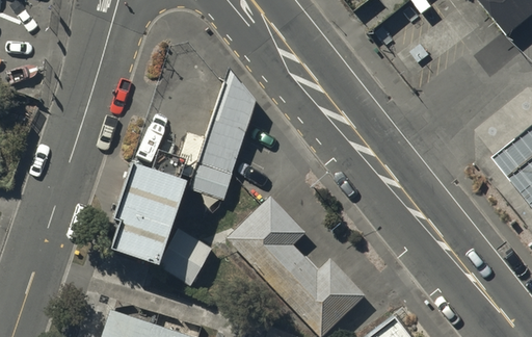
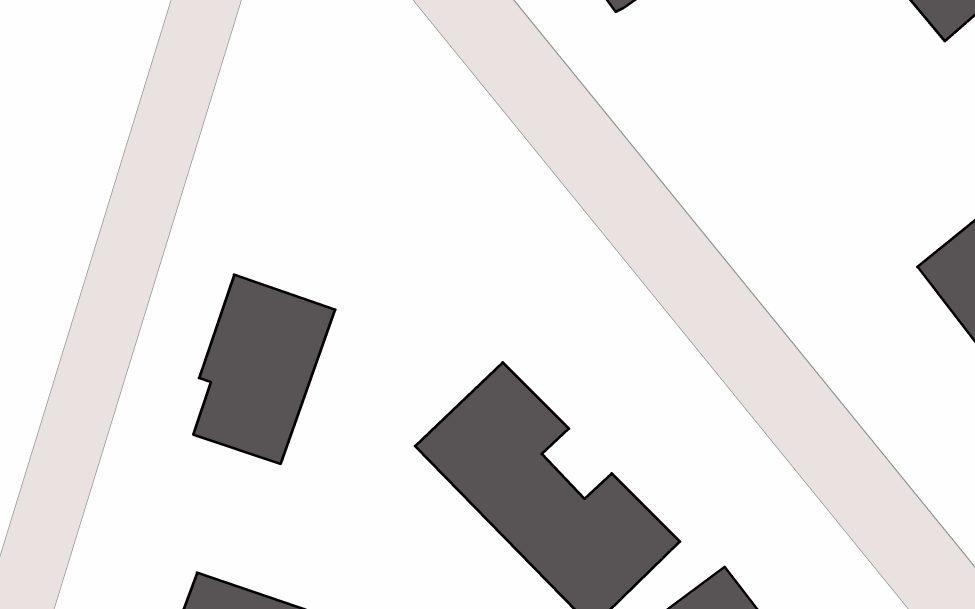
building: [192,72,256,199] -> none
building: [158,230,212,285] -> none

